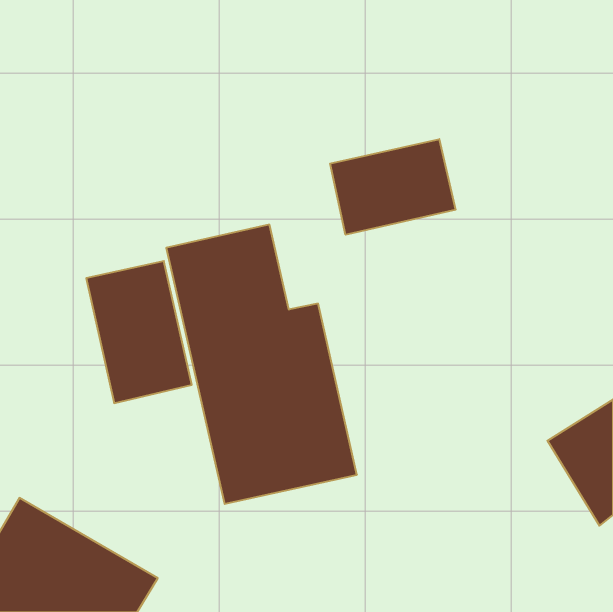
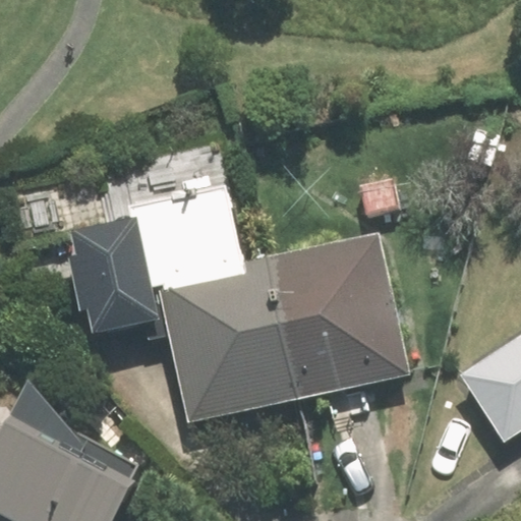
building: [330,139,456,235] -> none
building: none -> [267,230,410,398]

